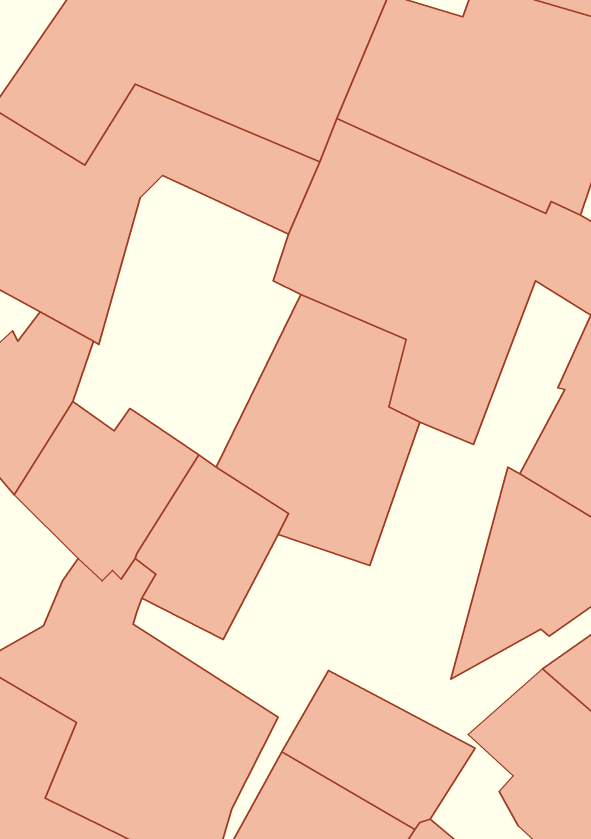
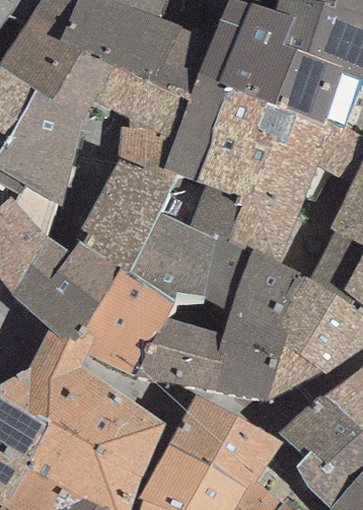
building: none -> [79,120,178,277]
building: none -> [133,250,301,402]

